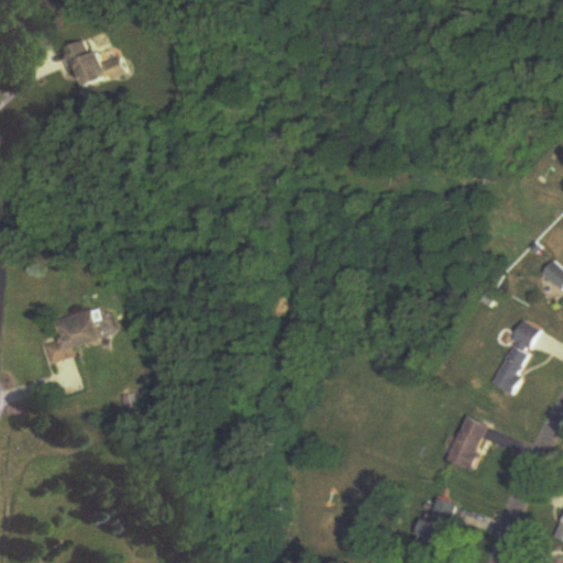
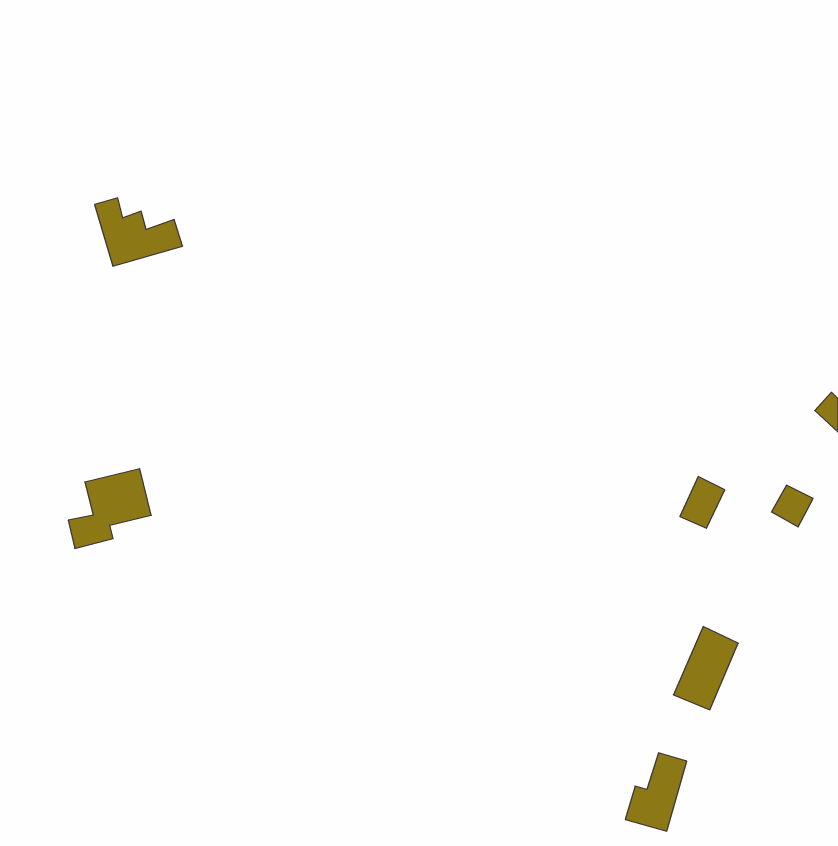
building: [65,42,123,87] -> [95,198,183,266]
building: [490,356,520,390] -> [680,477,725,528]

